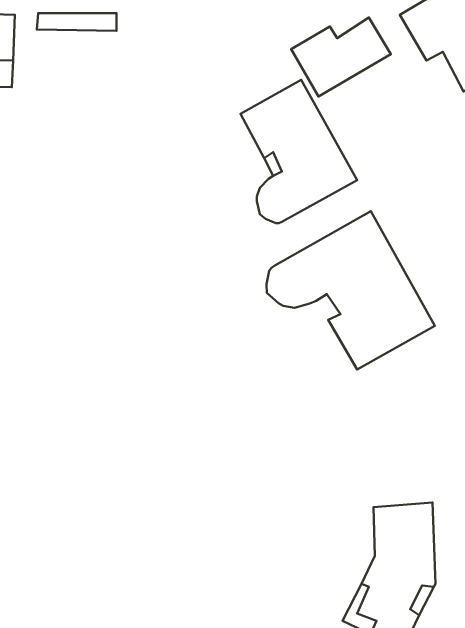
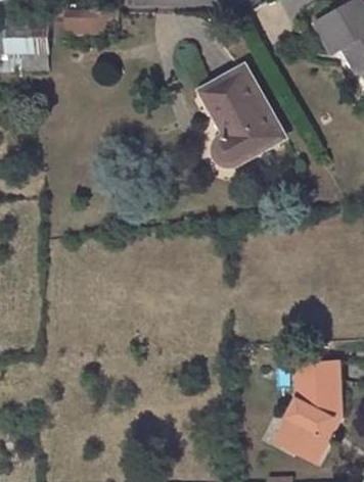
building: [291,18,391,97] -> none
building: [267,211,435,369] -> none

